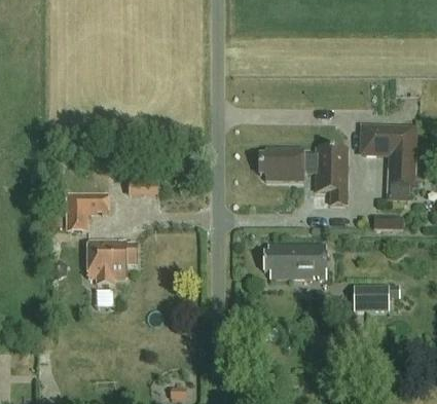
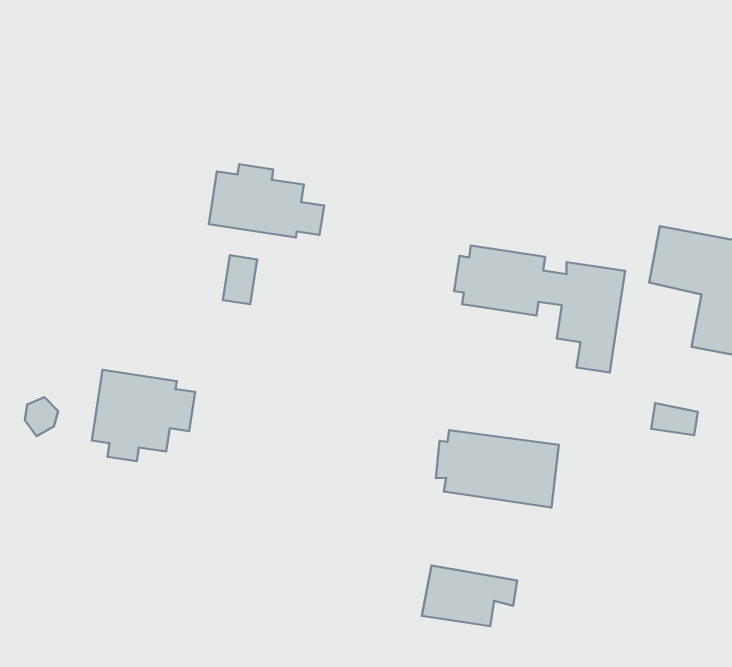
building: none -> [209,164,324,237]
building: [65,193,106,230] -> none
building: [352,284,398,310] -> [422,565,517,626]

